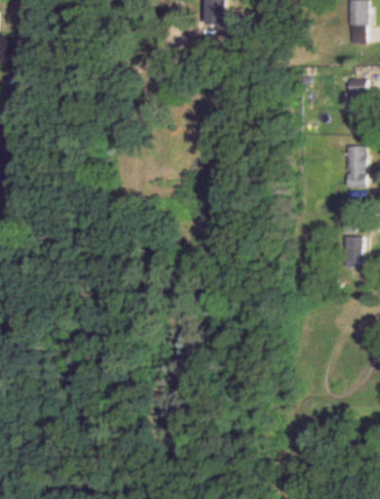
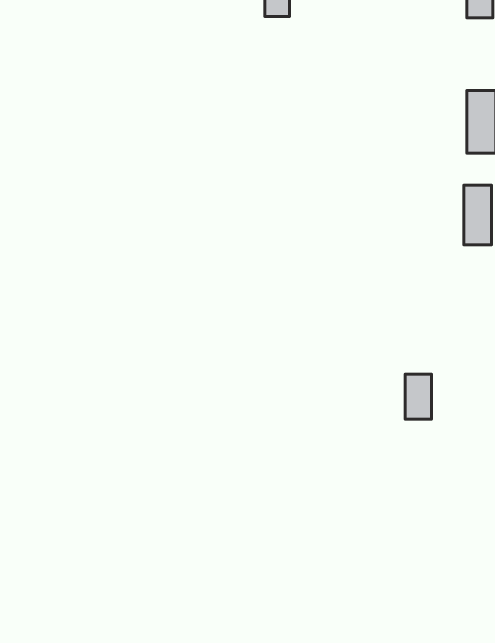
building: [343,235,362,266] -> [405,374,431,419]

